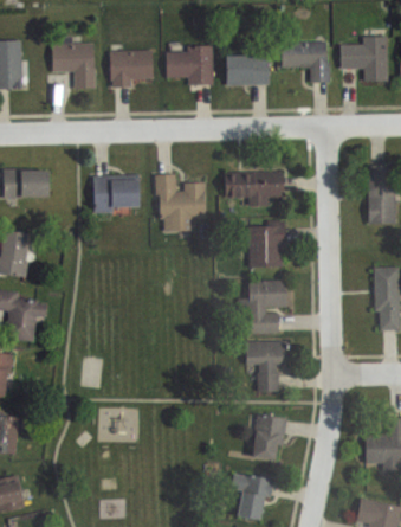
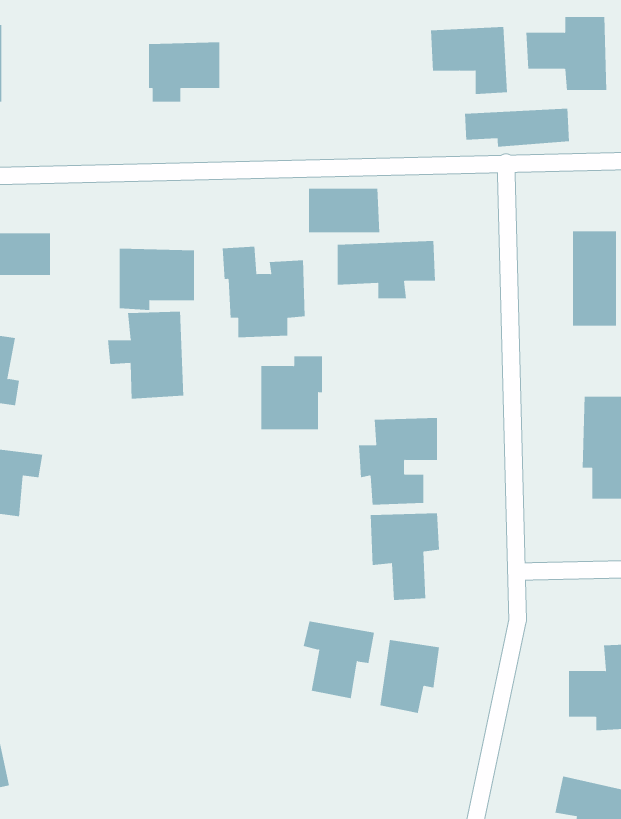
building: [52,44,96,89] -> none
building: [166,46,214,85] -> none
building: [226,57,270,84] -> [308,188,380,233]
building: none -> [464,108,570,148]
building: none -> [107,311,184,400]
building: [247,221,285,266] -> [260,356,323,430]
building: [231,471,274,519] -> [303,621,375,699]

